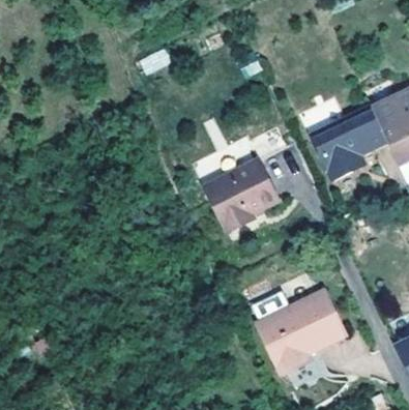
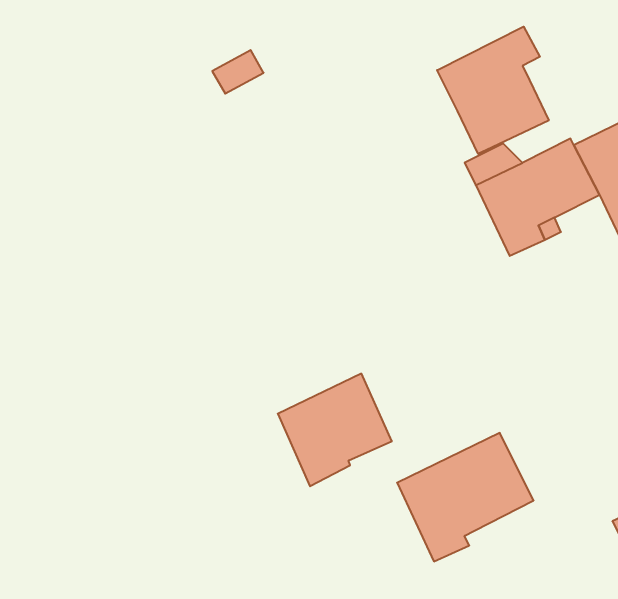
building: none -> [437,27,549,154]
building: [205,157,279,230] -> [278,374,392,486]

